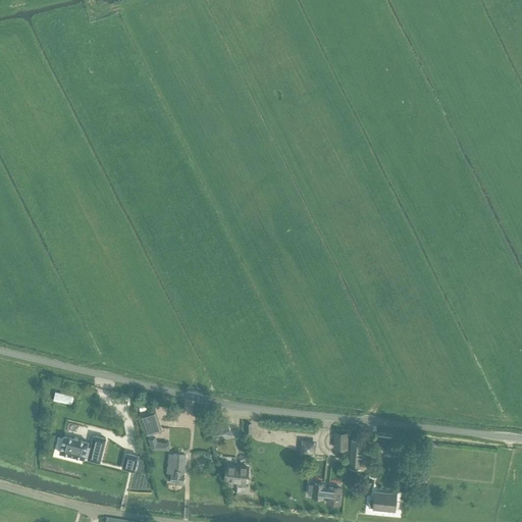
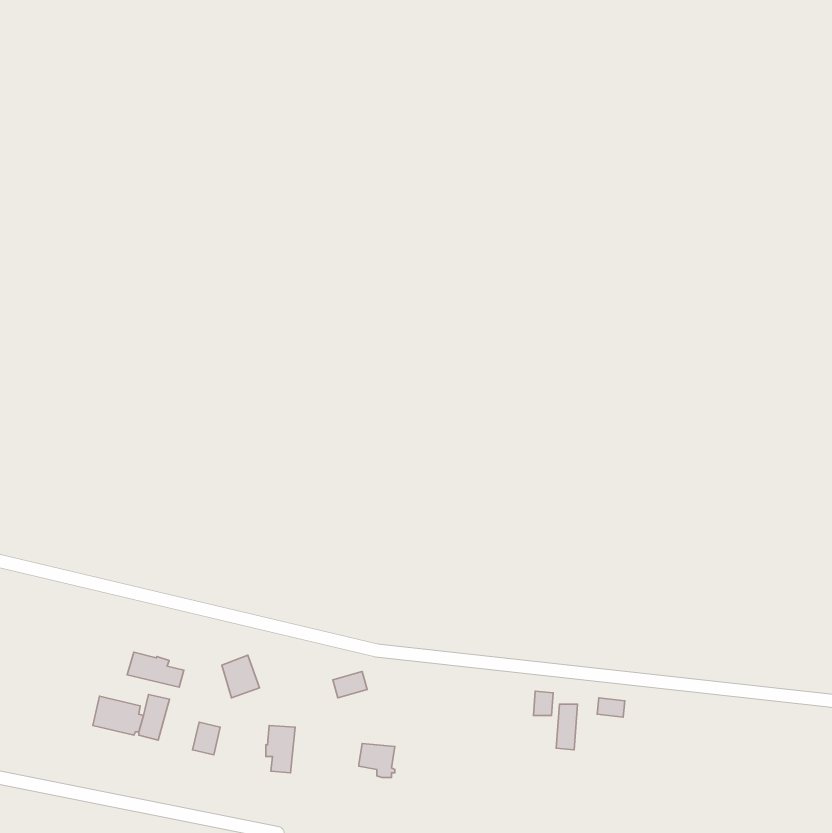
building: none -> [127,652,184,687]
building: [311,483,340,505] -> none
building: [366,492,395,511] -> none

